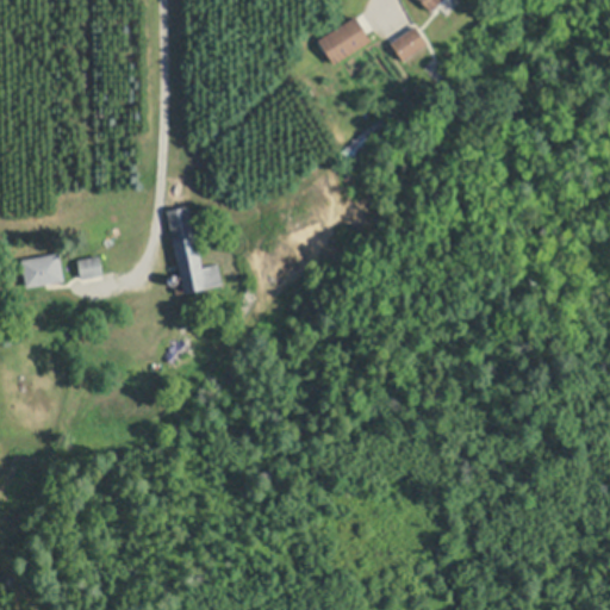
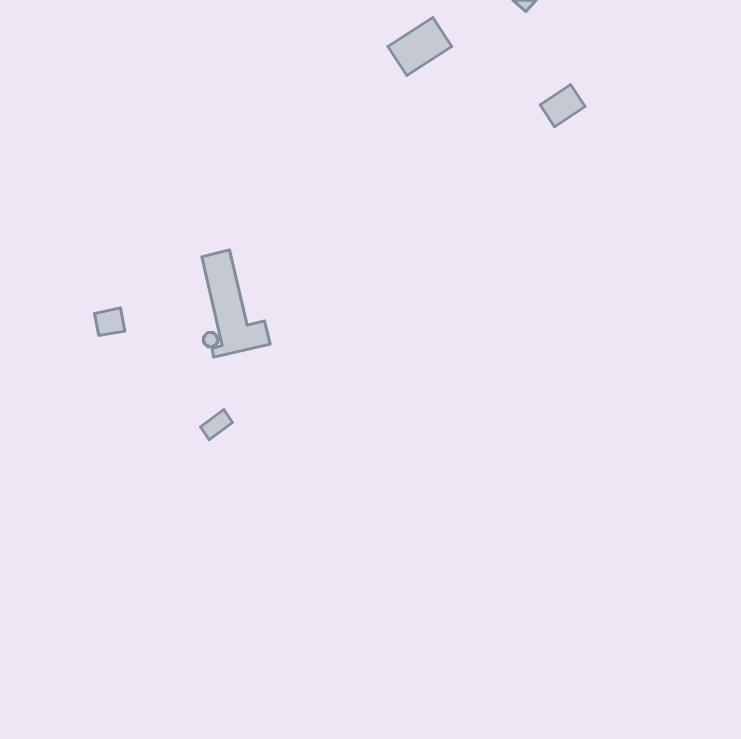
building: [391,27,428,62] -> [540,85,585,127]
building: [21,253,63,287] -> none

